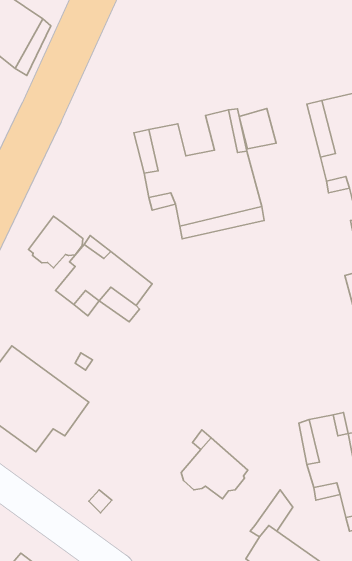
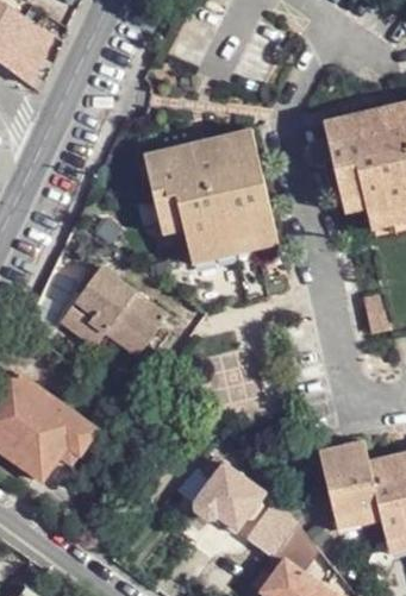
building: [239,108,276,149] -> [189,133,227,175]
building: [28,216,83,268] -> none
building: none -> [248,497,295,557]

